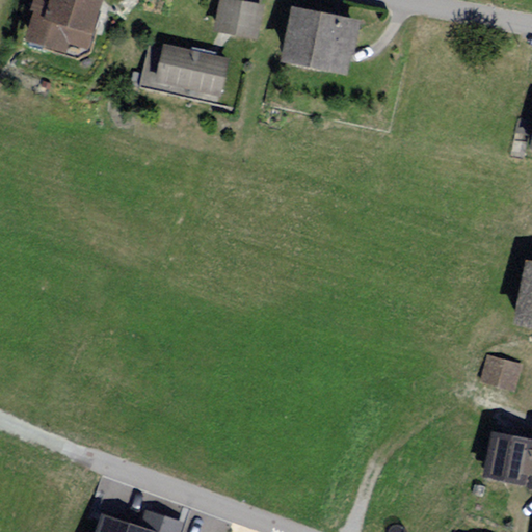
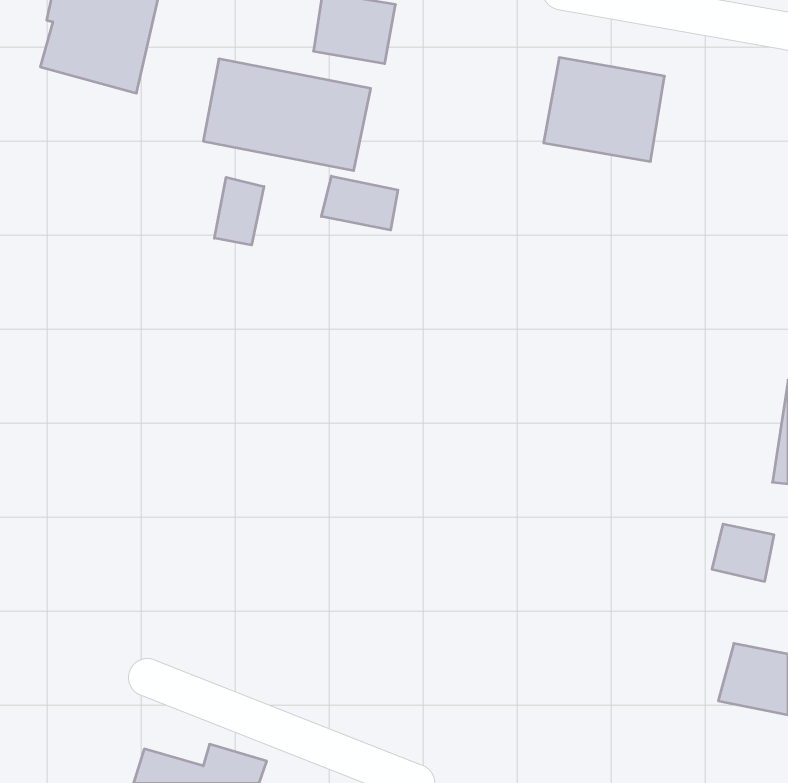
building: [284,7,365,77] -> [544,58,665,161]
building: none -> [321,176,398,230]
building: none -> [214,177,264,245]

